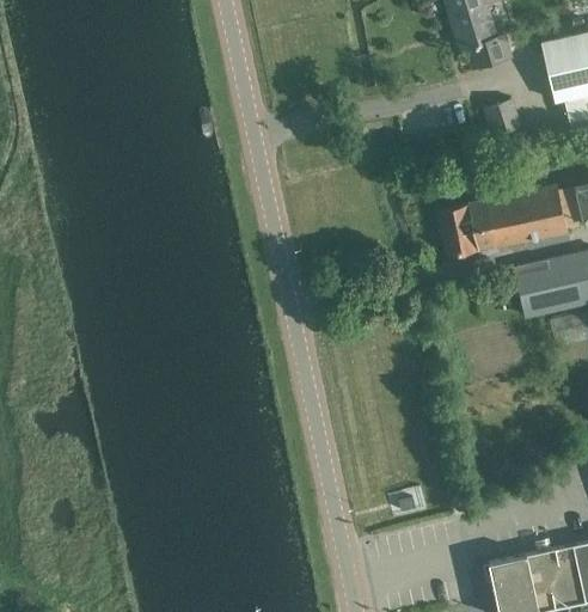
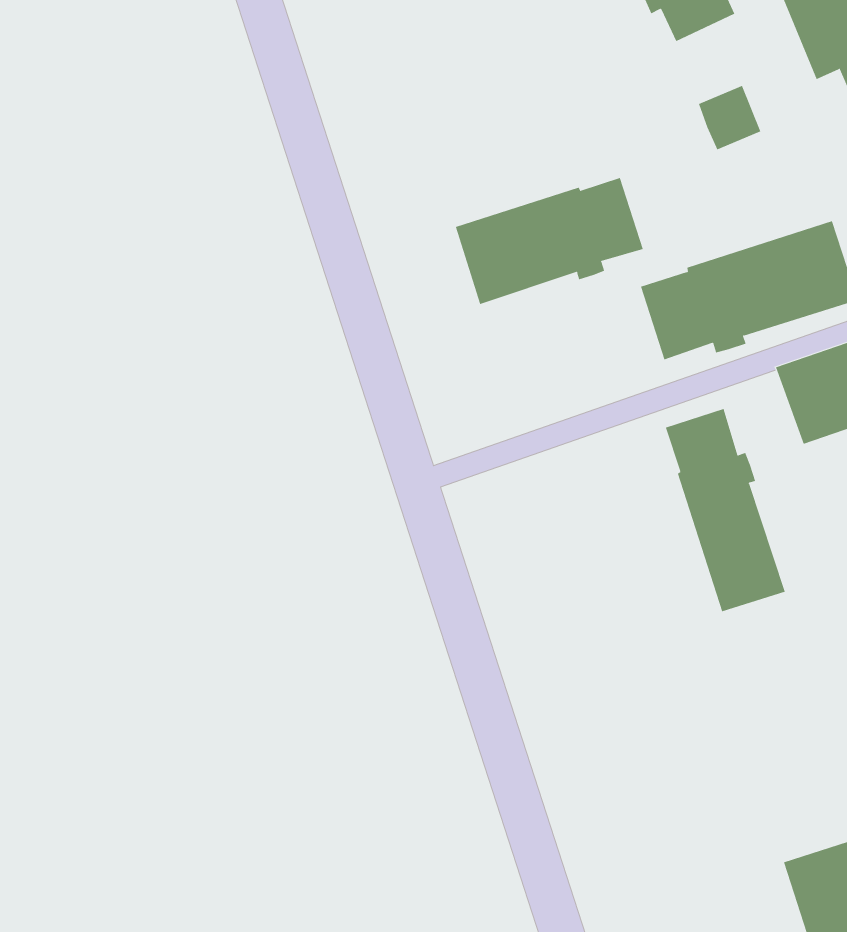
building: none -> [455,177,644,305]
building: none -> [665,408,785,612]

